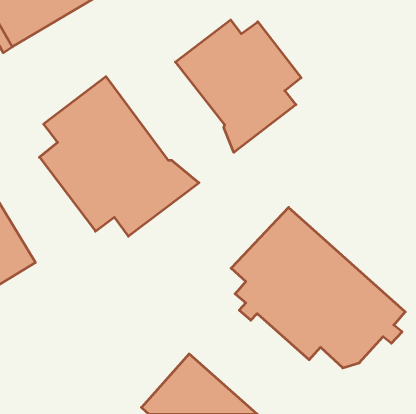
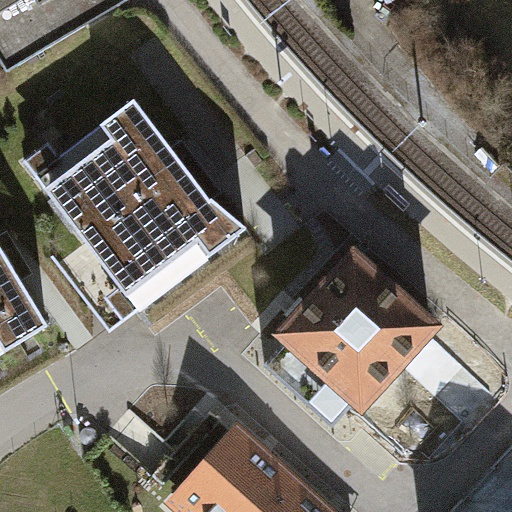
building: [175,20,301,152] -> none

